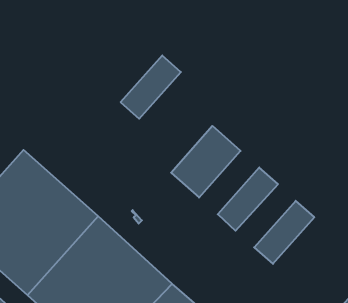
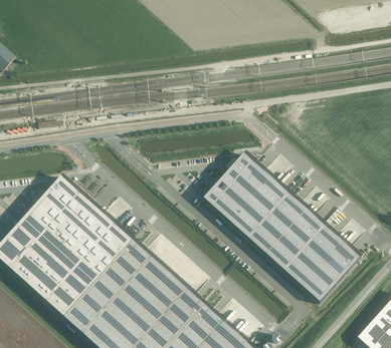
building: [121,55,181,119] -> [230,178,288,239]
building: none -> [265,210,324,271]
building: none -> [302,242,360,303]

